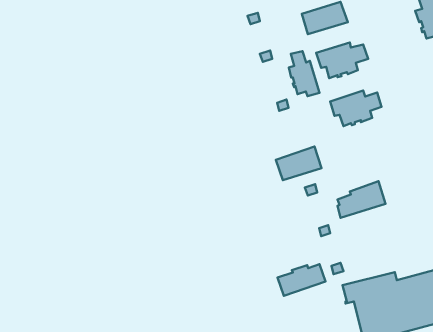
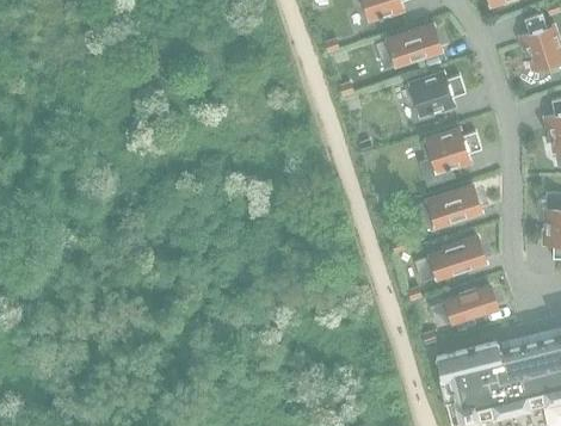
building: [289,51,320,96] -> none
building: [276,147,322,180] -> [427,186,481,226]
building: [278,264,326,296] -> [442,288,498,325]

